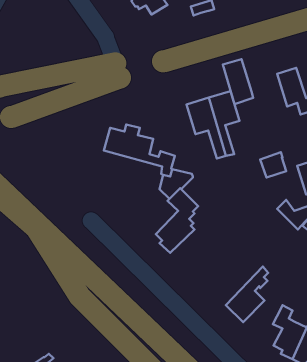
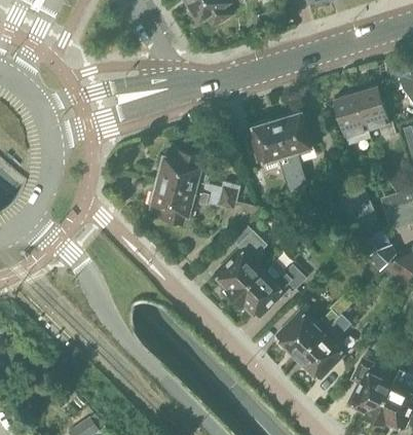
building: [223,59,253,104] -> [335,94,370,145]
building: none -> [152,181,225,224]
building: none -> [234,263,307,316]
building: none -> [278,299,349,358]

